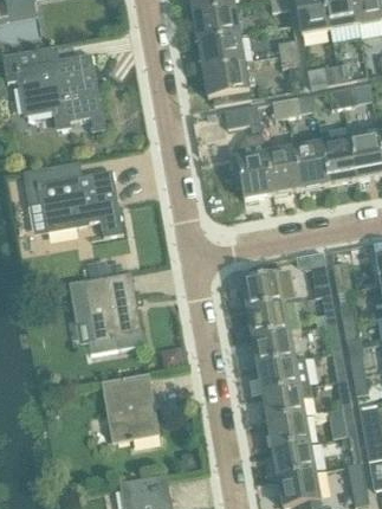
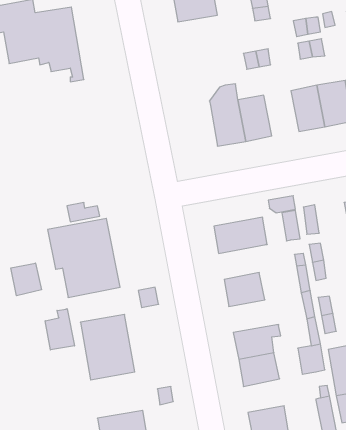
building: [202,60,250,104] -> none
building: [224,103,263,134] -> none
building: [292,140,329,187] -> none
building: [21,162,122,237] -> none
building: [245,301,300,337] -> none
building: none -> [11,263,41,296]
building: [255,357,307,393] -> none
building: none -> [45,309,74,350]
building: [271,442,313,477] -> none

